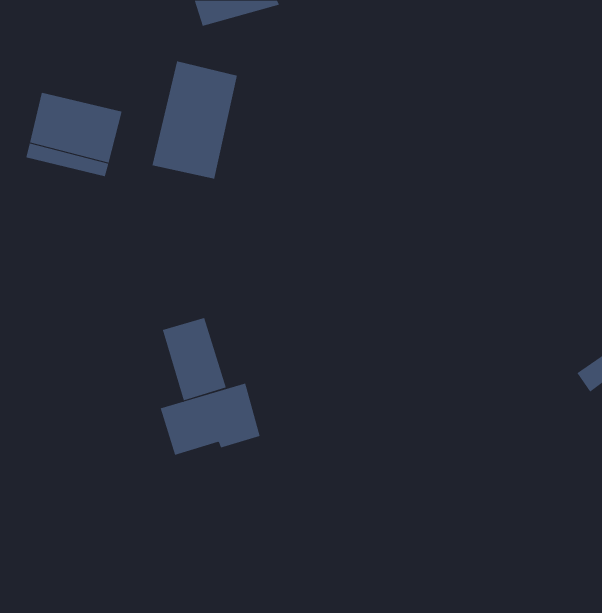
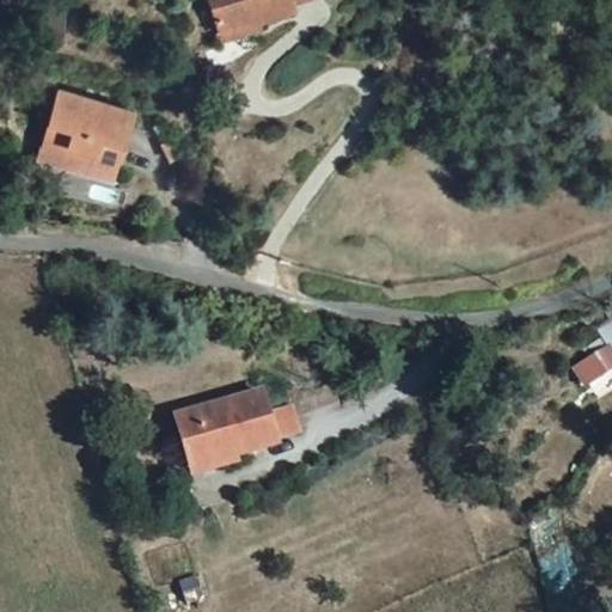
building: [152,61,238,180] -> none
building: [162,317,226,401] -> none

